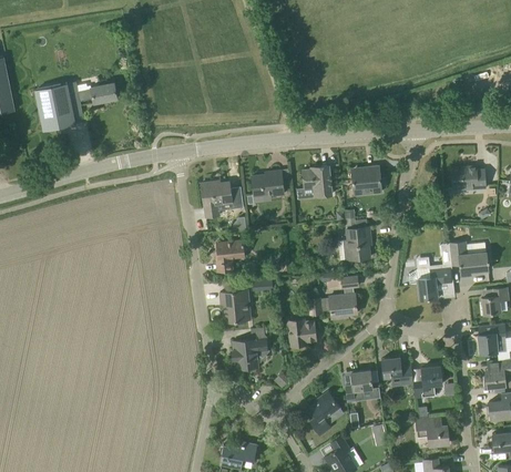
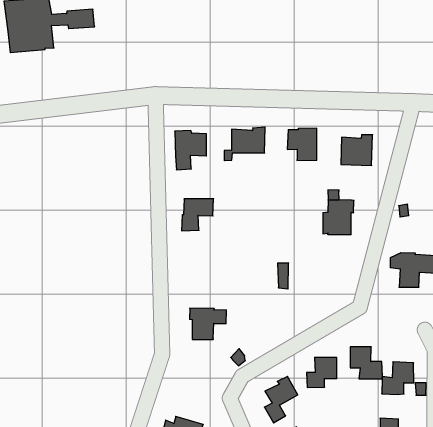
building: [329,277,358,319] -> none
building: [219,290,251,322] -> none
building: [288,319,316,347] -> none

